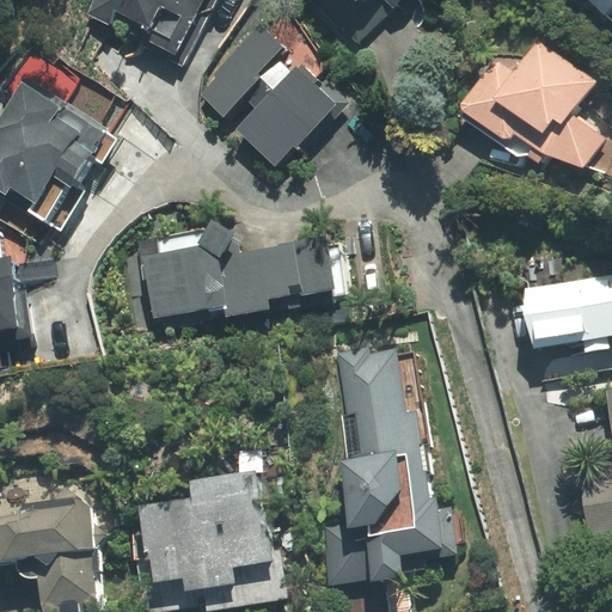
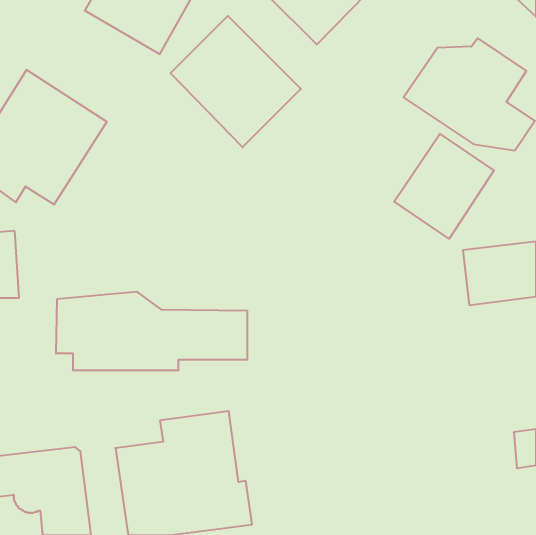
building: none -> [394,134,494,239]
building: [131,226,348,314] -> [56,292,247,370]
building: [323,333,442,585] -> none

